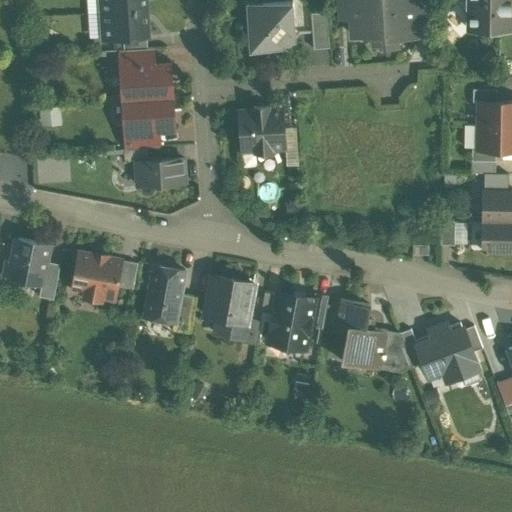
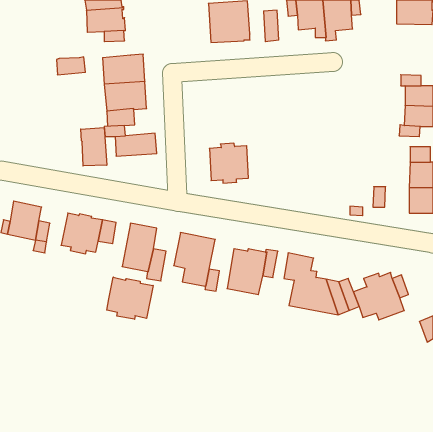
building: [120,49,154,70] -> [57,57,85,75]
building: [239,108,285,155] -> [209,143,248,183]
building: none -> [81,128,107,166]
building: none -> [107,277,153,319]

